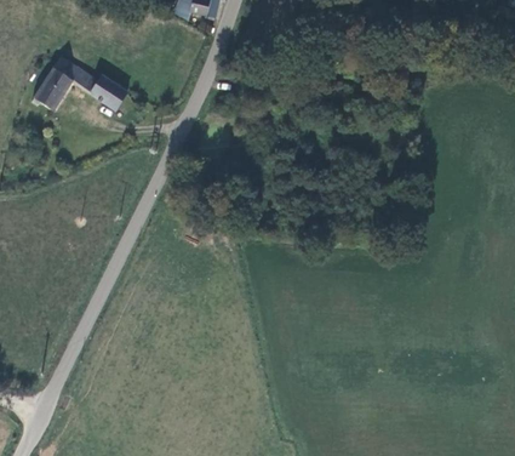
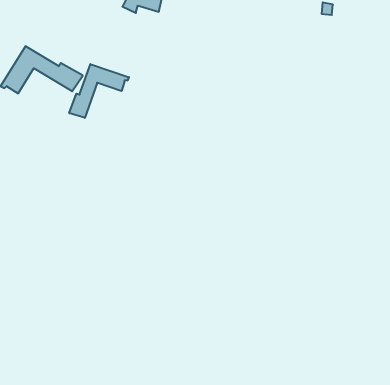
building: none -> [69,64,129,118]

